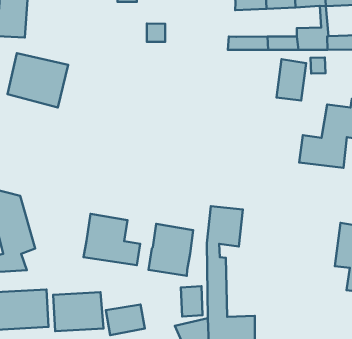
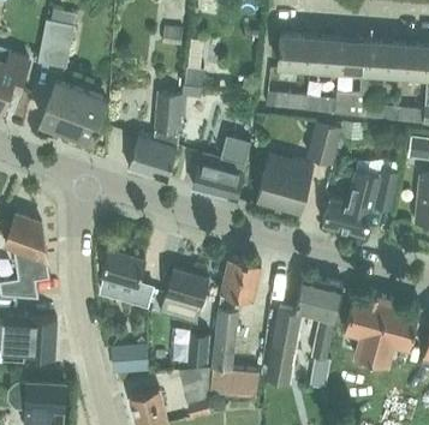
building: none -> [127,92,183,180]
building: none -> [193,136,251,200]
building: none -> [257,152,314,212]
building: none -> [266,276,344,382]
building: [53,292,103,331] -> none

